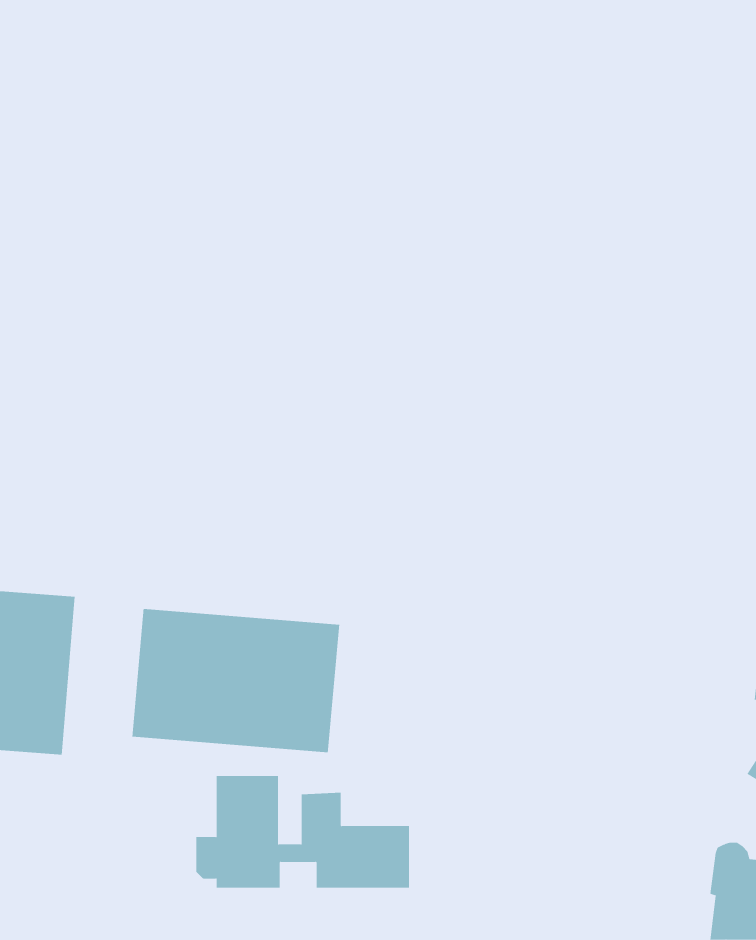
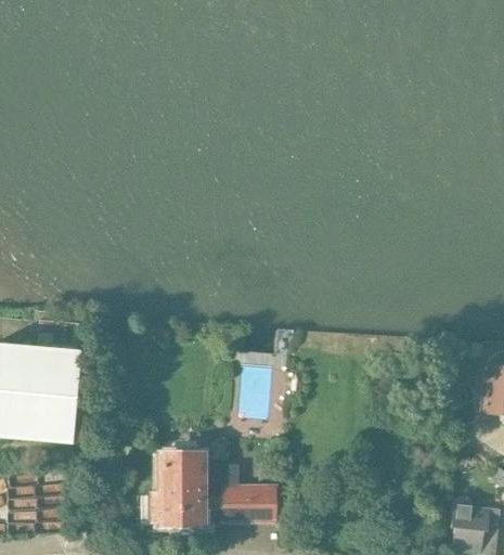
building: [132,608,340,753] -> none

